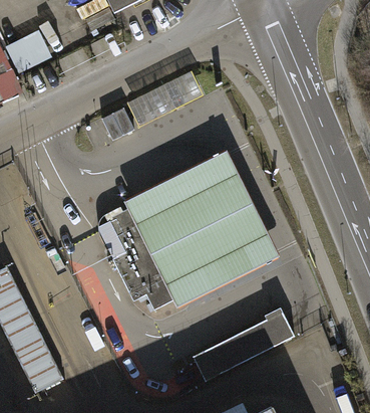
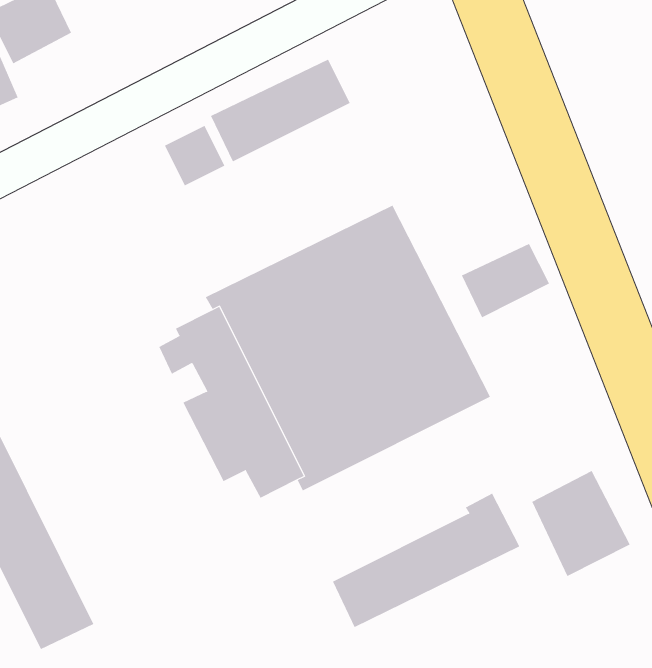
building: none -> [461,243,550,318]
building: none -> [532,470,631,577]

